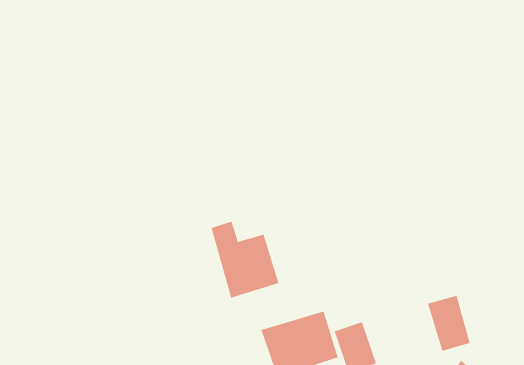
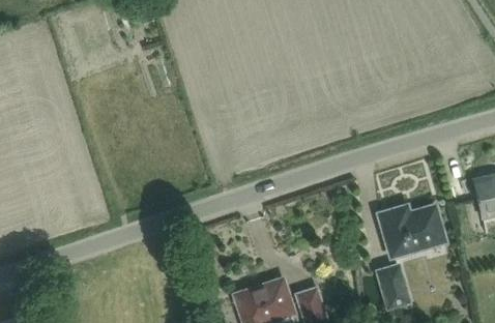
building: [211,221,279,299] -> none
building: none -> [379,206,446,260]

